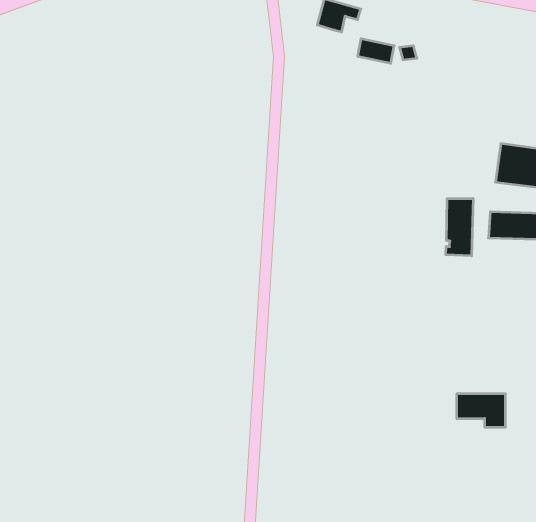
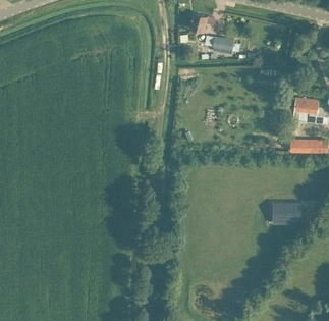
building: [446,198,473,256] -> none
building: [457,394,506,427] -> [273,203,301,222]

